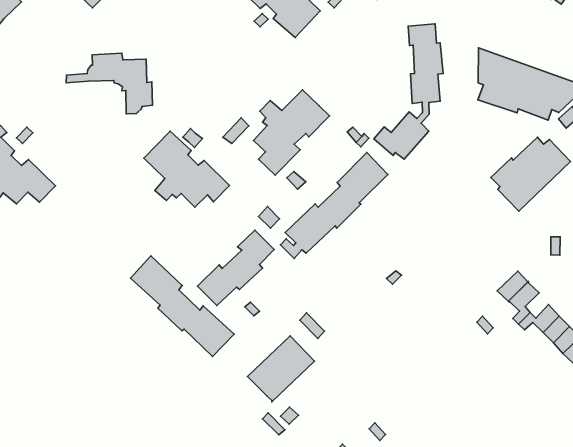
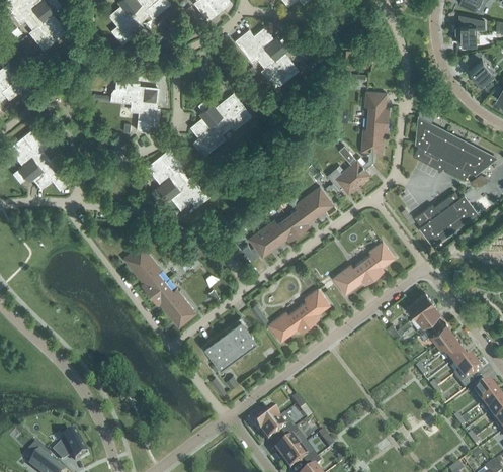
building: [253,90,329,175] -> [190,93,252,157]
building: none -> [332,241,395,296]
building: [197,230,274,305] -> [267,288,331,343]

